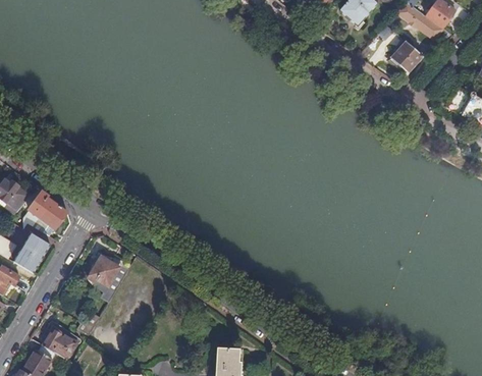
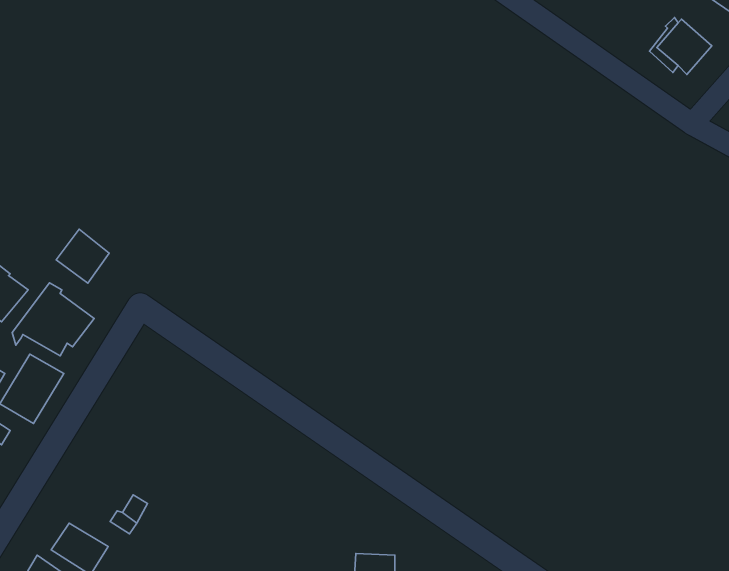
building: none -> [56,229,109,283]
building: [87,250,125,293] -> none

